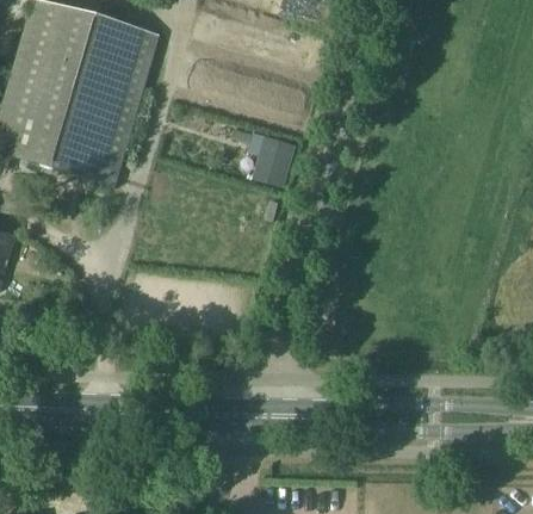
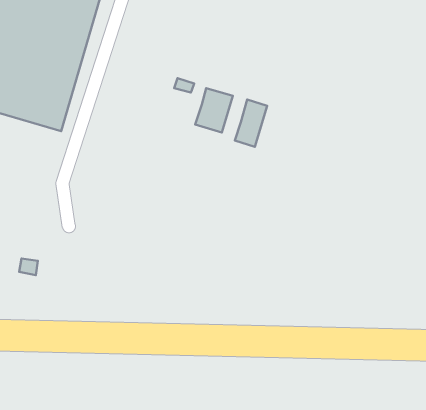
building: none -> [235,99,267,147]

